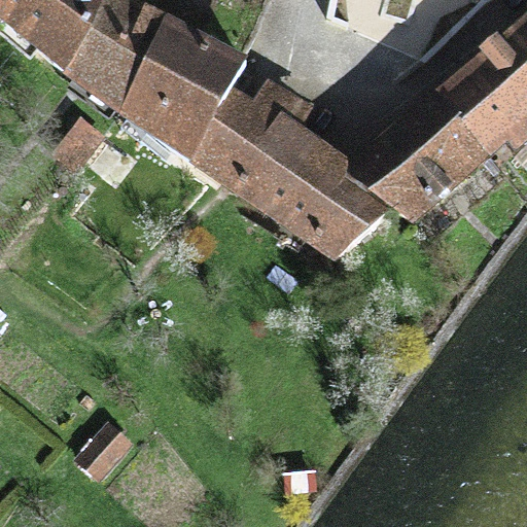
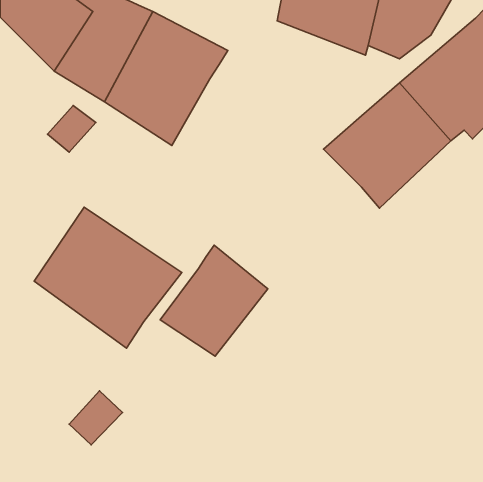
building: [188,79,394,261] -> none
building: none -> [34,207,182,348]
building: none -> [160,245,268,356]

